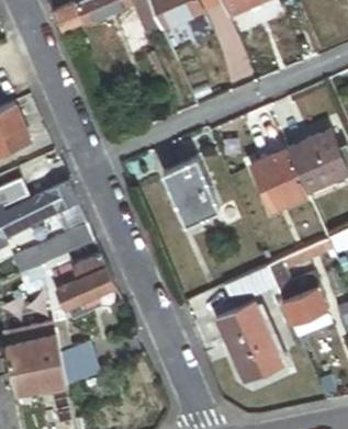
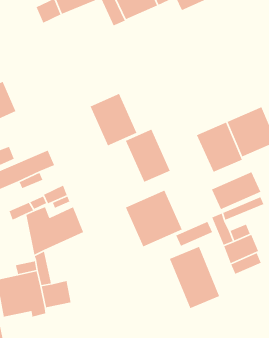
building: none -> [90,93,137,146]
building: none -> [211,171,262,210]
building: none -> [125,190,183,247]

